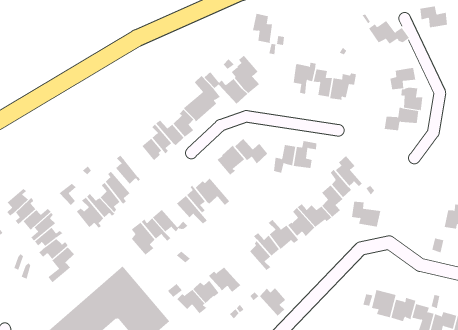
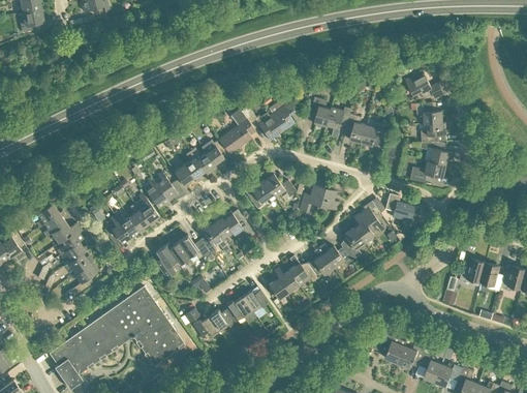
building: [420,6,448,28] -> [416,102,442,123]
building: [252,13,273,44] -> [310,96,331,127]
building: none -> [156,171,185,201]
building: [351,201,381,227] -> [384,193,414,221]
building: [259,287,286,317] -> [242,290,268,319]

